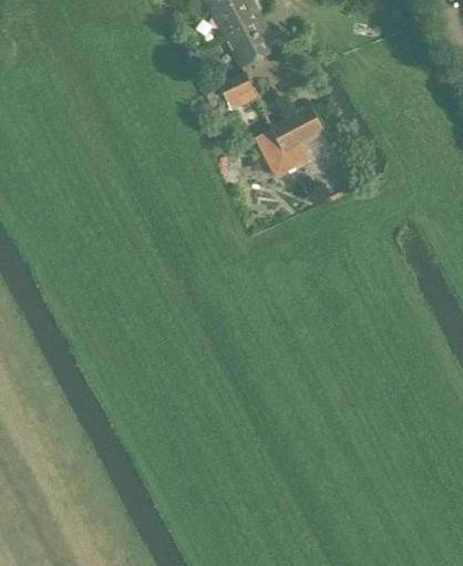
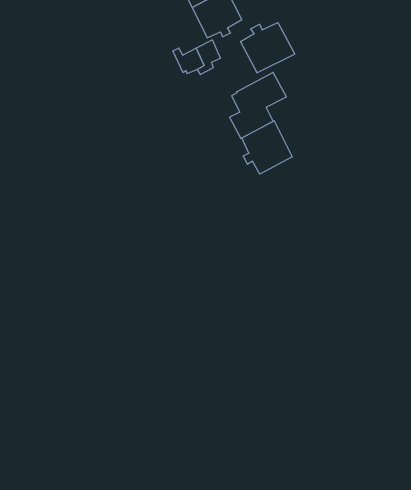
building: none -> [241,23,295,73]
building: none -> [242,121,292,174]

